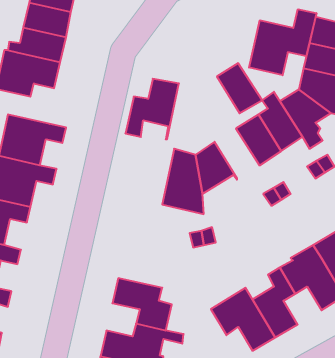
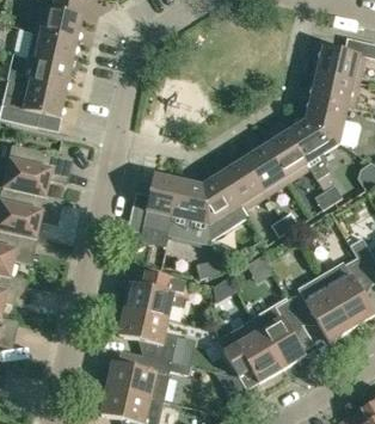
building: [249,9,316,75] -> none
building: [217,63,262,113] -> [221,159,266,209]
building: [125,79,179,139] -> [127,174,180,235]
building: none -> [124,275,190,319]

